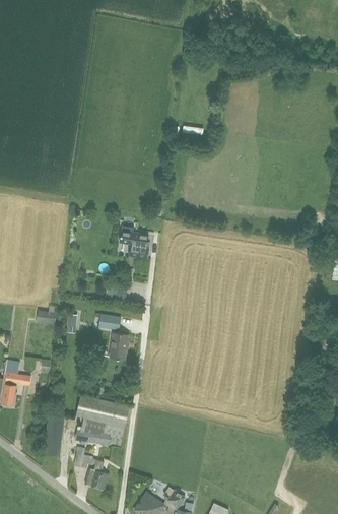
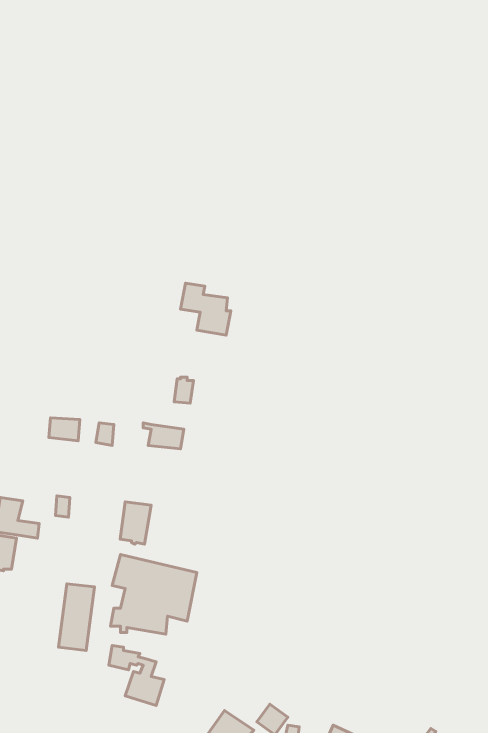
building: [110,333,129,360] -> [120,502,151,544]

